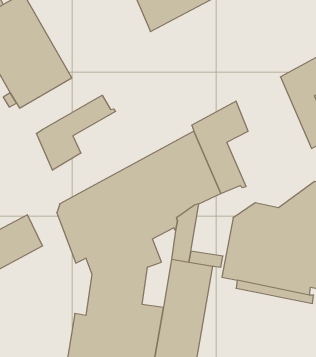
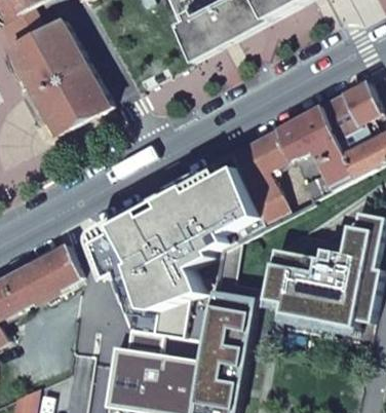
building: none -> [279,105,356,205]
building: [36,95,116,170] -> none

